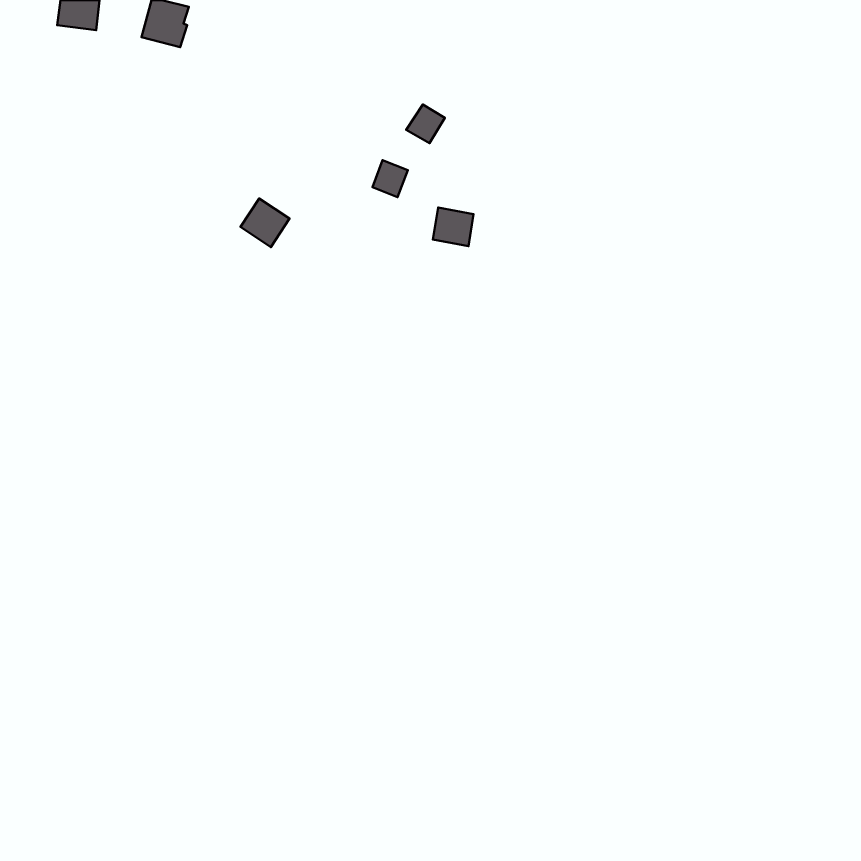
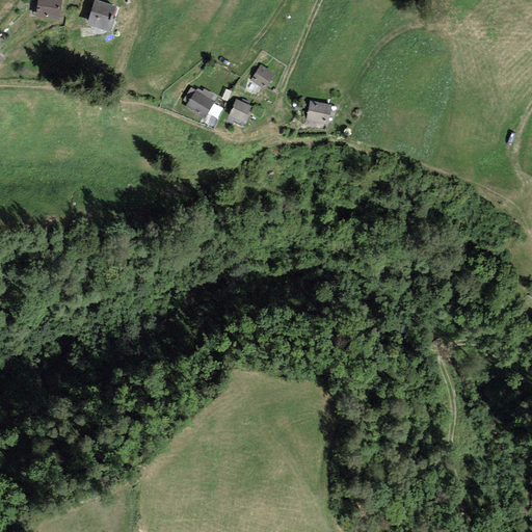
building: [240,198,289,247] -> [185,88,215,118]
building: [433,208,473,246] -> [307,100,331,124]

